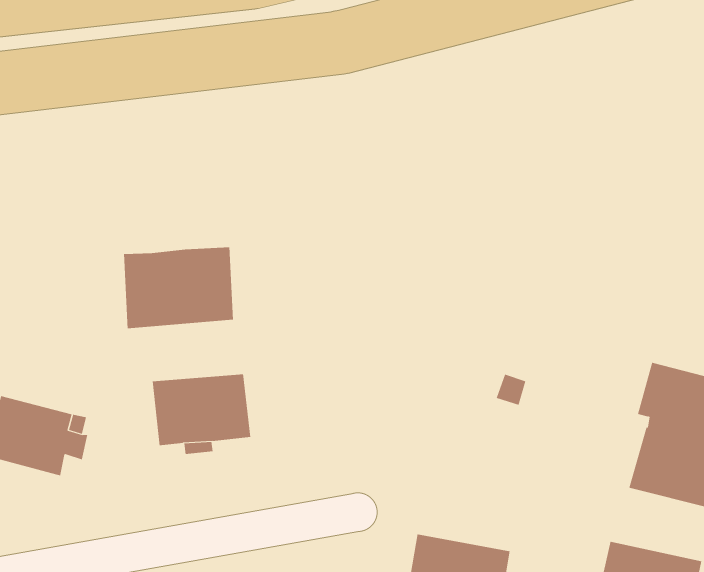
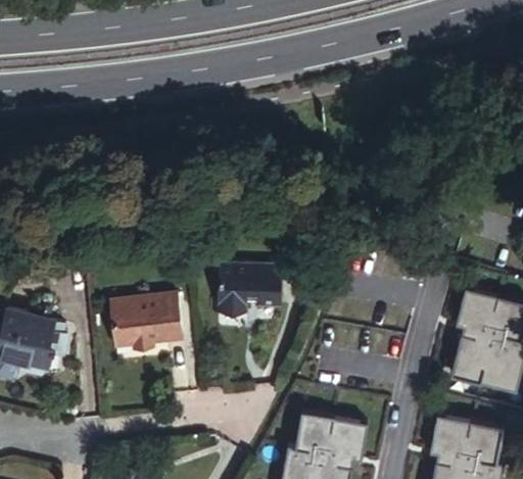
building: [123,246,233,329] -> none
building: none -> [219,262,284,314]

